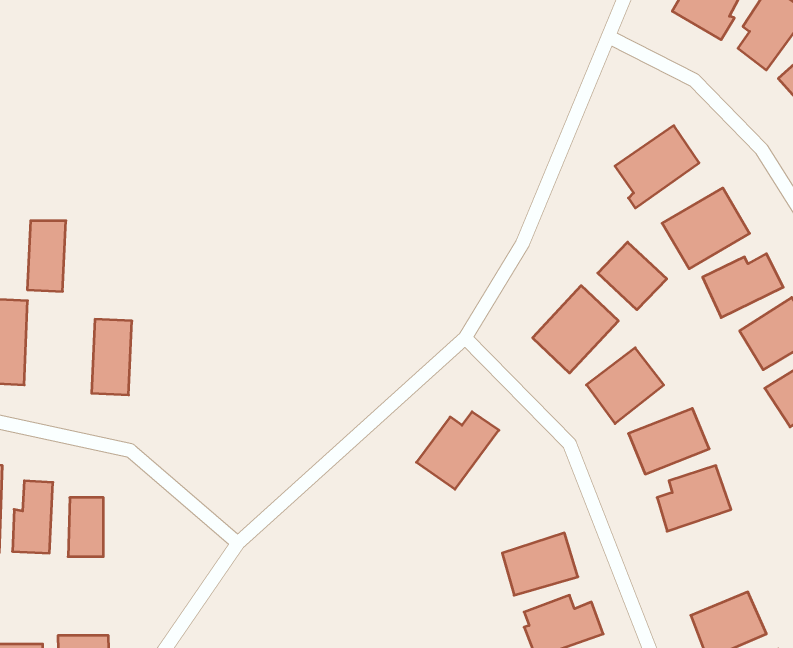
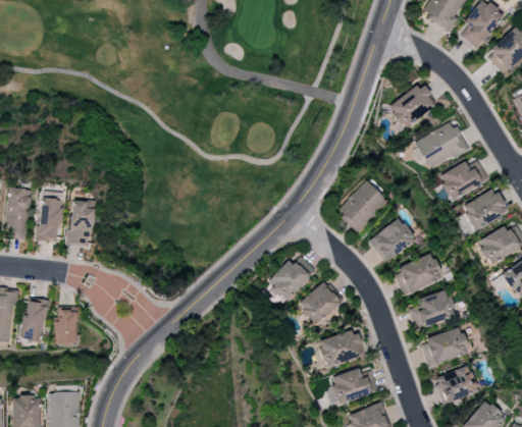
building: [27,221,66,291] -> [38,199,61,242]
building: [598,242,667,310] -> none
building: none -> [297,281,341,325]
building: none -> [421,327,469,366]

